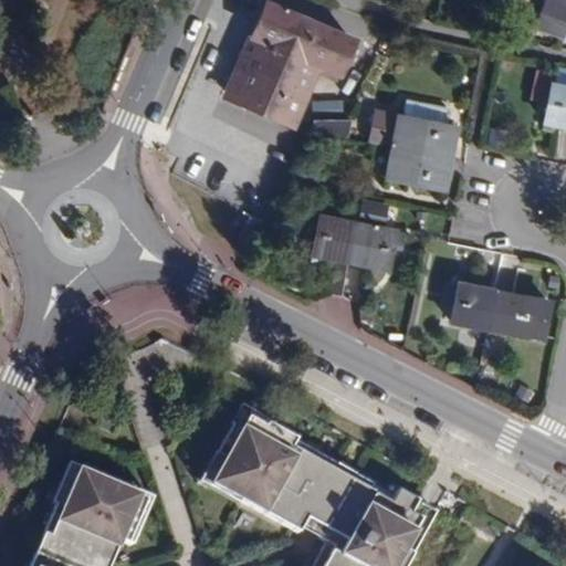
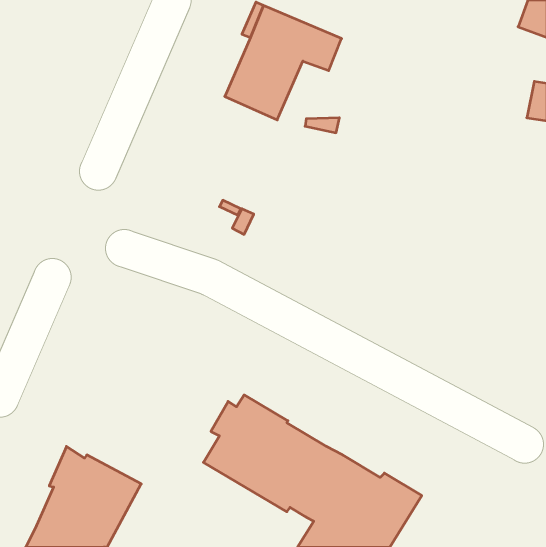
building: [371,99,457,189] -> none
building: [313,218,395,297] -> none
building: [469,289,549,339] -> none

